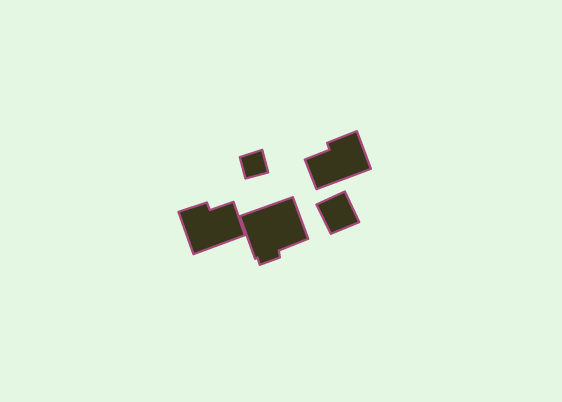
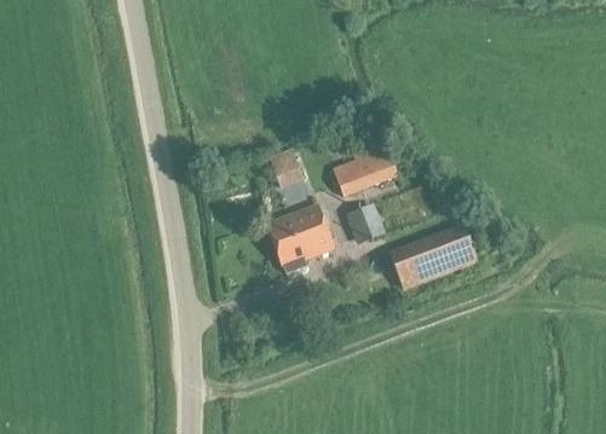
building: [178,202,245,254] -> none
building: none -> [392,230,473,289]

